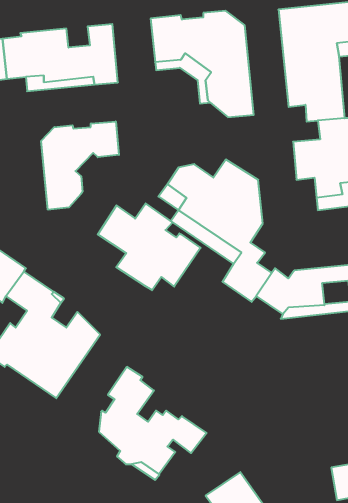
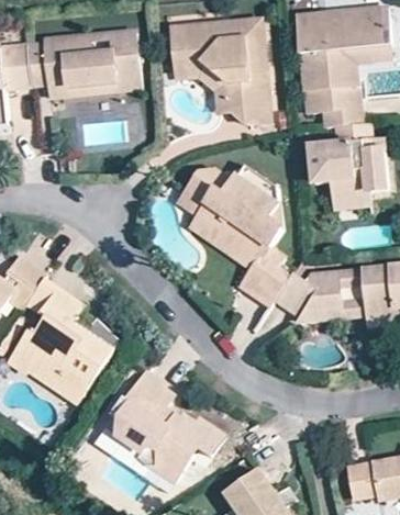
building: [41,121,119,210] -> none
building: [98,203,201,290] -> none

